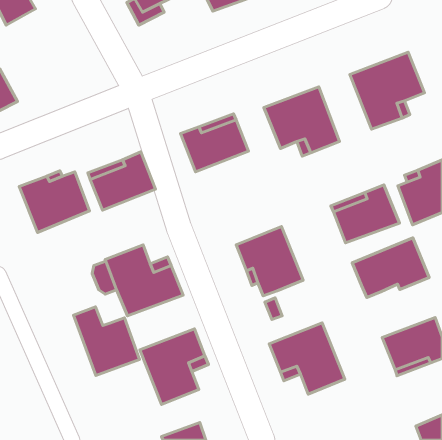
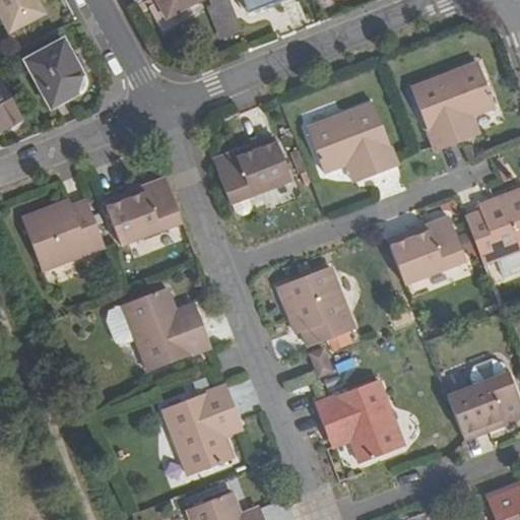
building: none -> [25,40,87,107]
building: [352,238,429,297] -> none
building: [73,307,140,376] -> none

